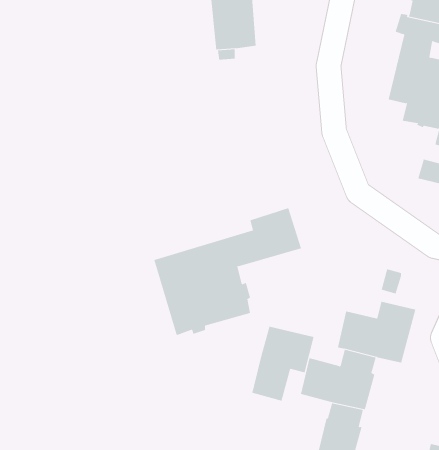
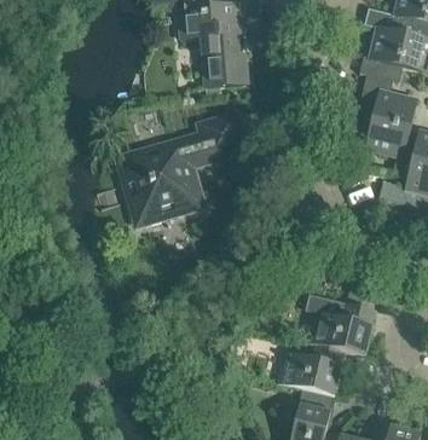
building: [153,208,302,336] -> [118,112,245,222]
building: [251,326,314,402] -> none

